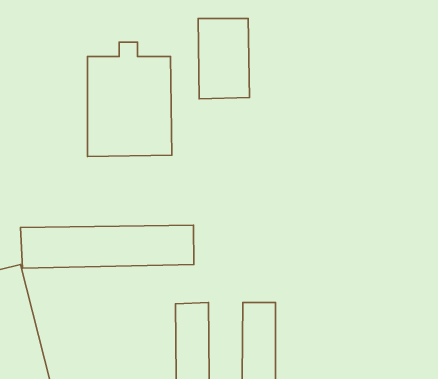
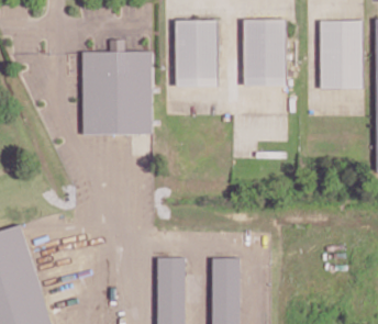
building: none -> [243,19,286,86]
building: none -> [319,20,362,88]
building: [20,225,194,268] -> none

